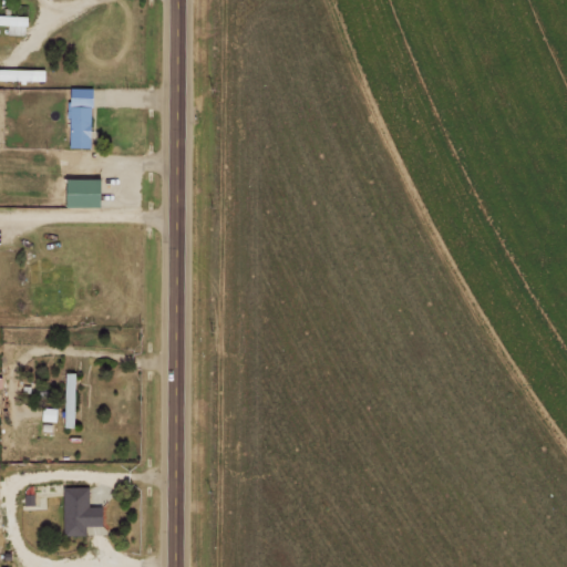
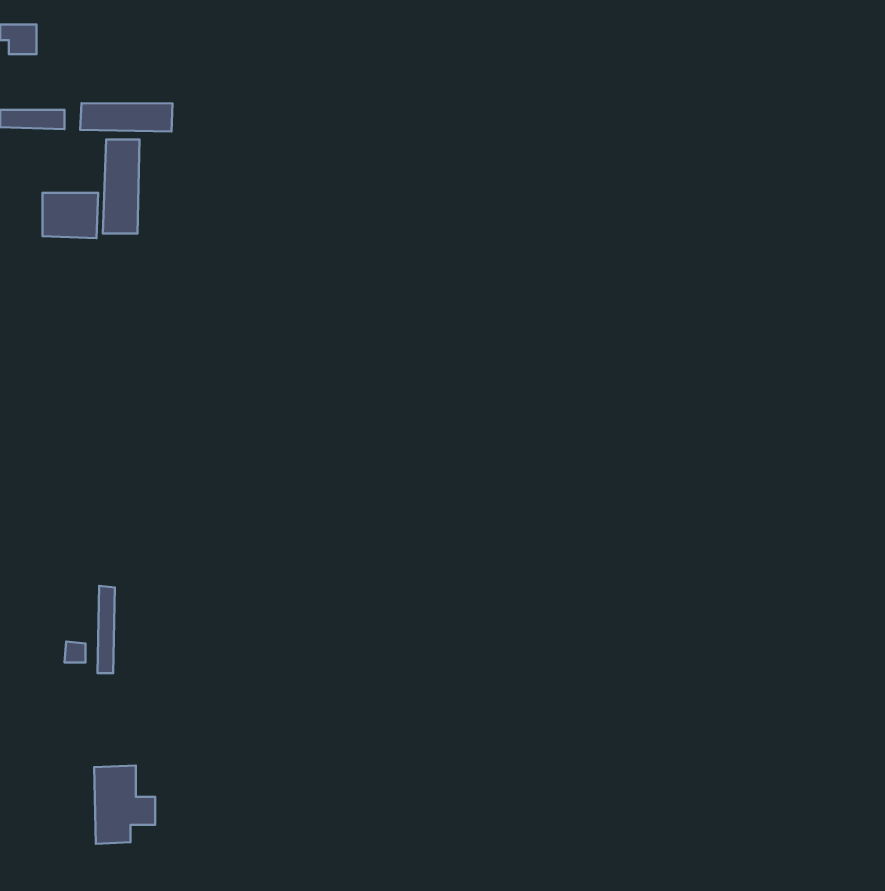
building: none -> [80,103,172,132]
building: [64,179,100,208] -> [42,193,98,238]

